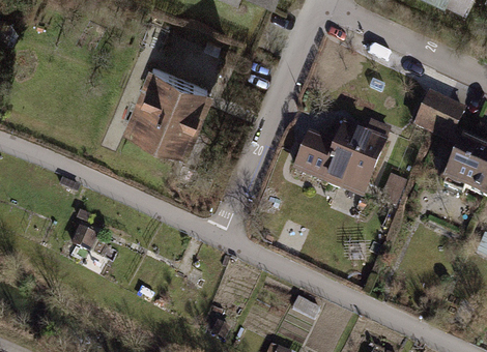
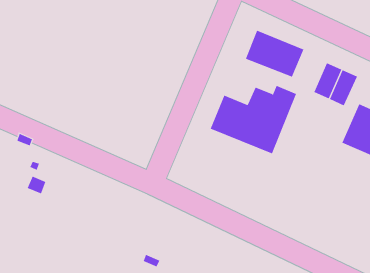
building: none -> [245,30,304,77]
building: [123,62,211,154] -> none

